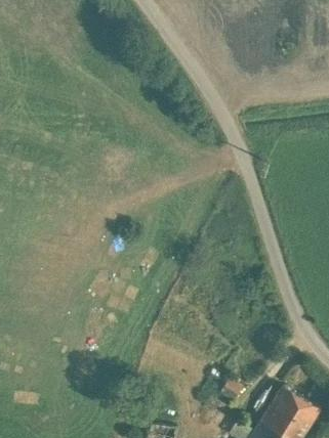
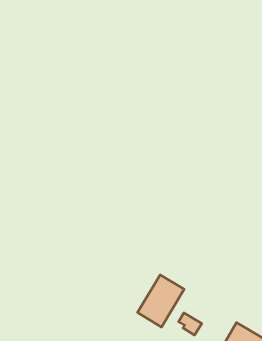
building: none -> [137,275,184,327]

